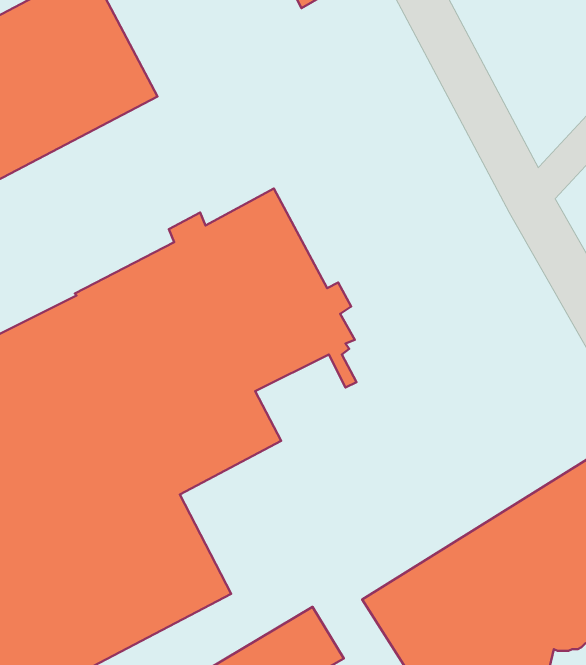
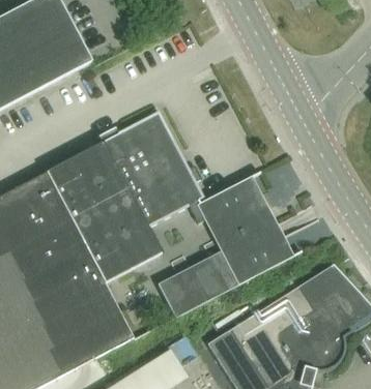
building: none -> [156,171,301,318]

